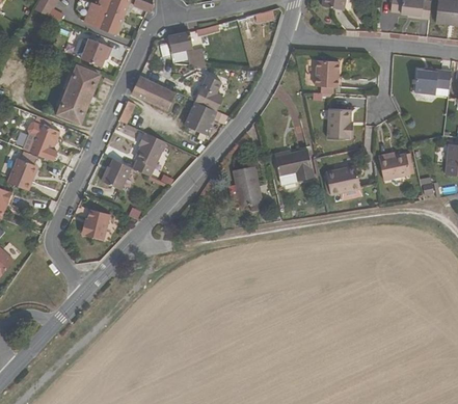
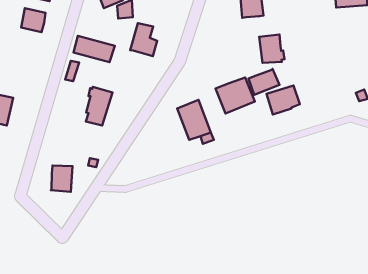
building: [56,65,99,125] -> none
building: [183,102,215,136] -> none
building: none -> [249,69,279,95]
building: [380,155,415,182] -> none
building: [100,159,130,190] -> none

